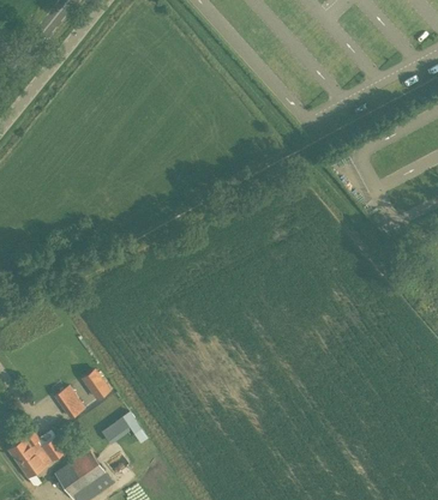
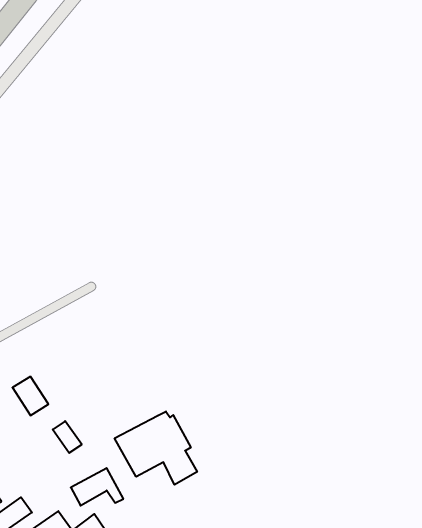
building: none -> [115,411,197,485]
building: [54,386,85,420] -> [12,377,48,415]

